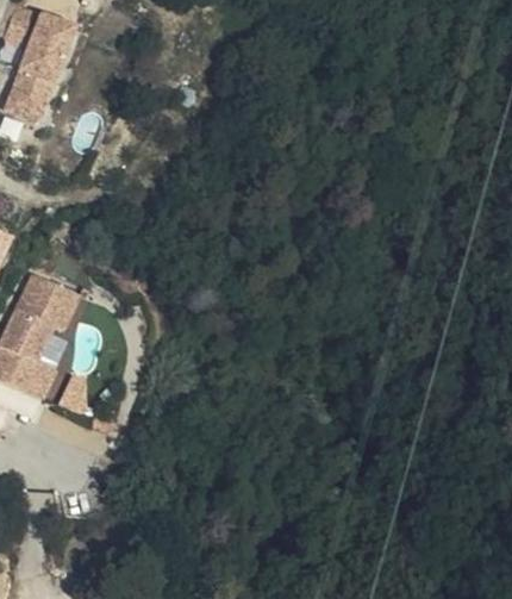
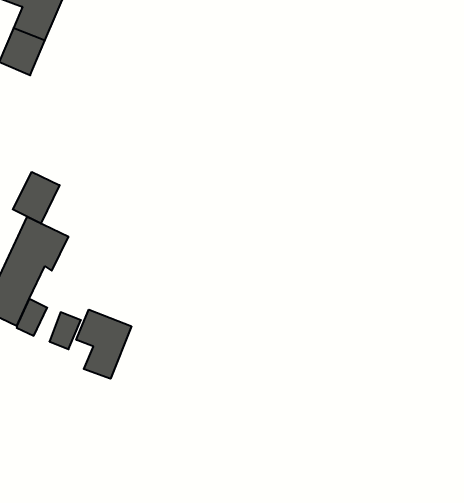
building: none -> [13,172,60,224]
building: none -> [76,310,131,379]

